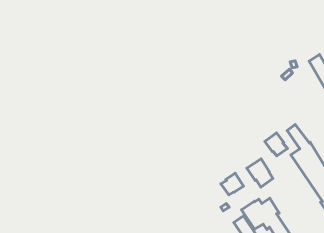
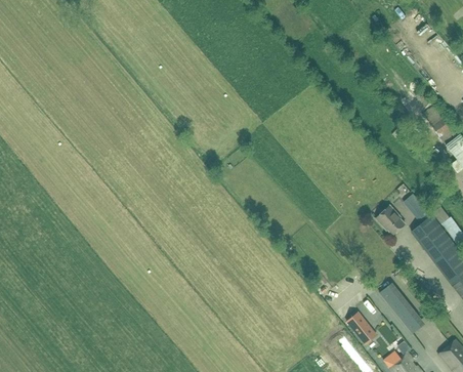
building: [247,159,273,187] -> none
building: [221,173,244,195] -> none

